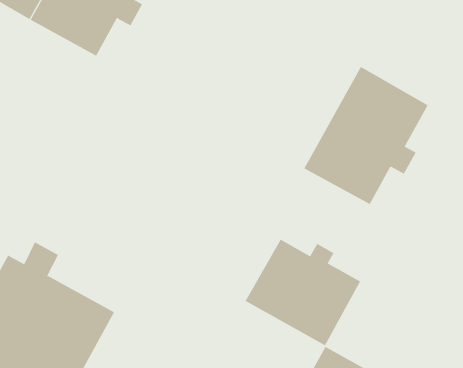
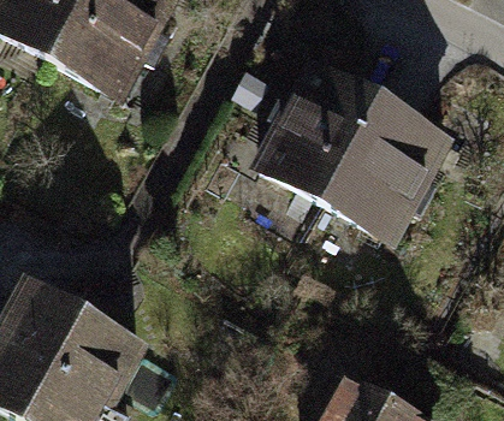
building: none -> [260,66,380,202]
building: [245,239,361,346] -> none

